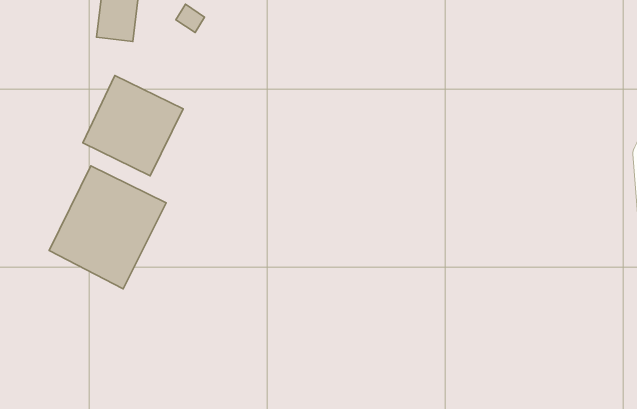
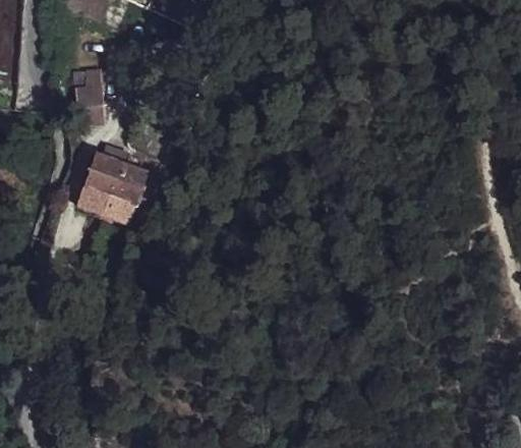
building: [49,166,166,289] -> none

